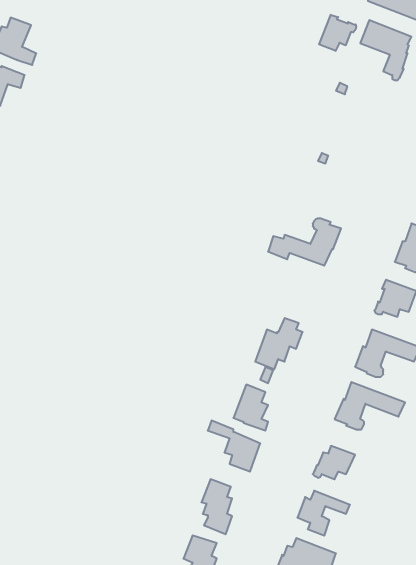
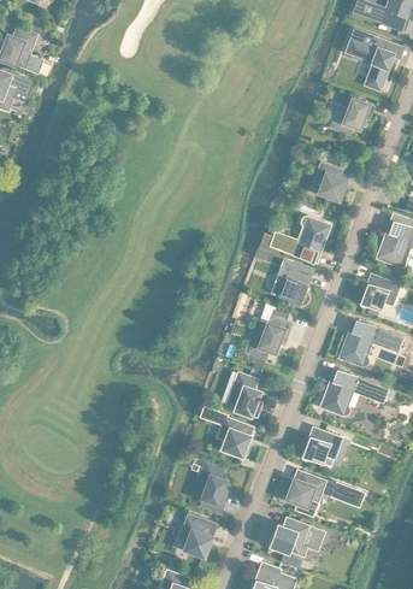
building: [319,15,356,51] -> none
building: none -> [331,100,373,135]
building: none -> [318,163,346,200]
building: none -> [276,259,309,306]

